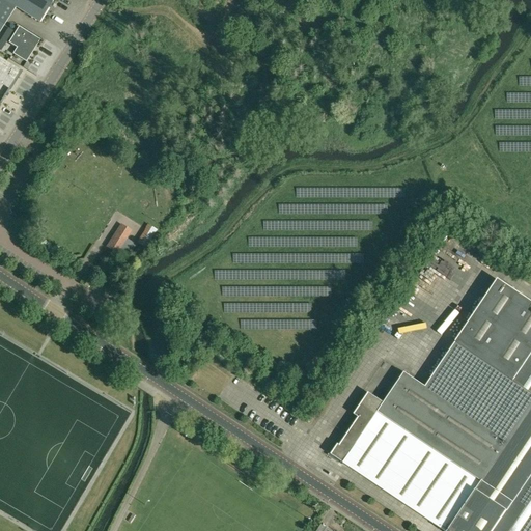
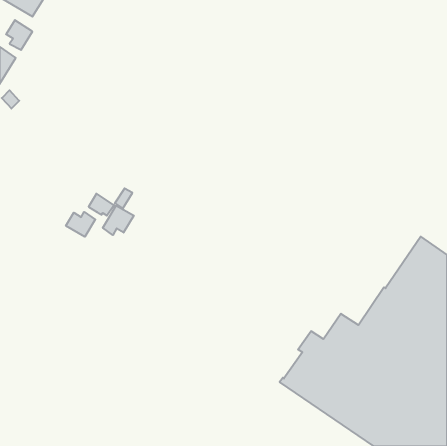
building: none -> [103,205,134,235]
building: none -> [66,212,95,237]

